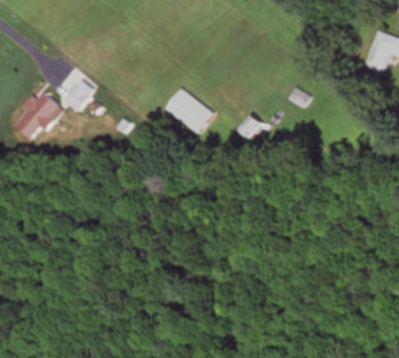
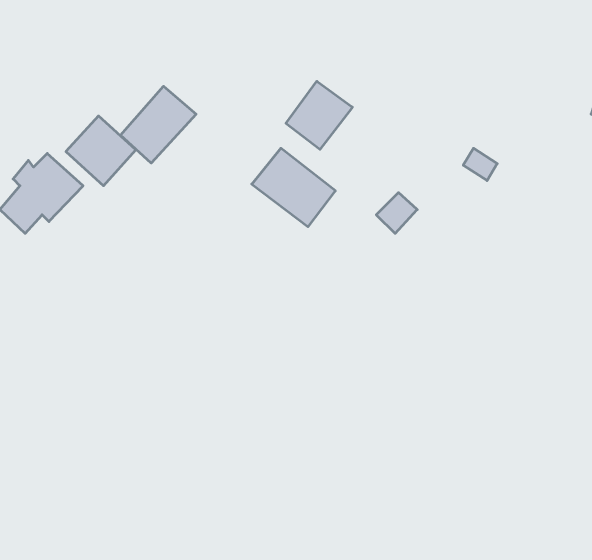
building: none -> [286,81,352,149]
building: none -> [120,86,196,163]

